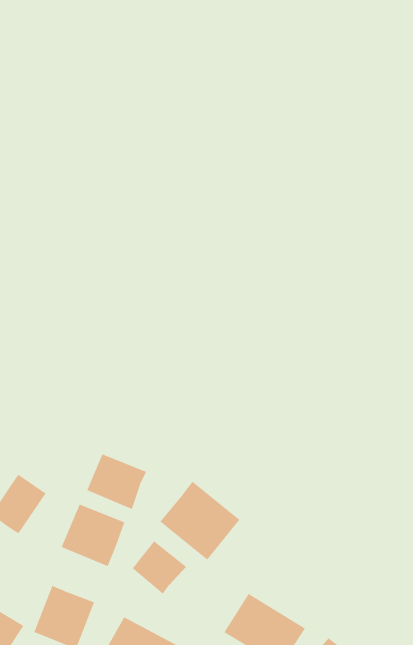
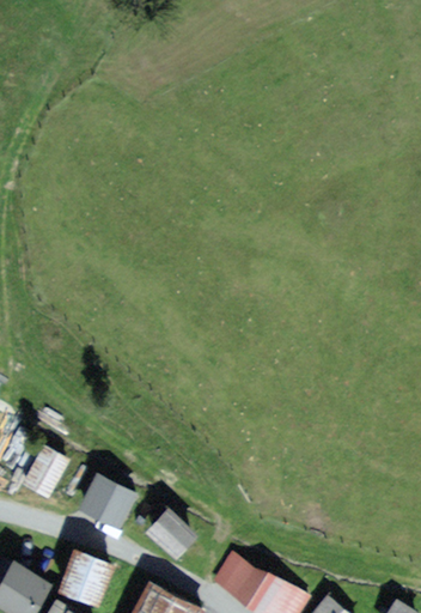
building: [87,453,147,510] -> none
building: [160,481,240,560] -> none

